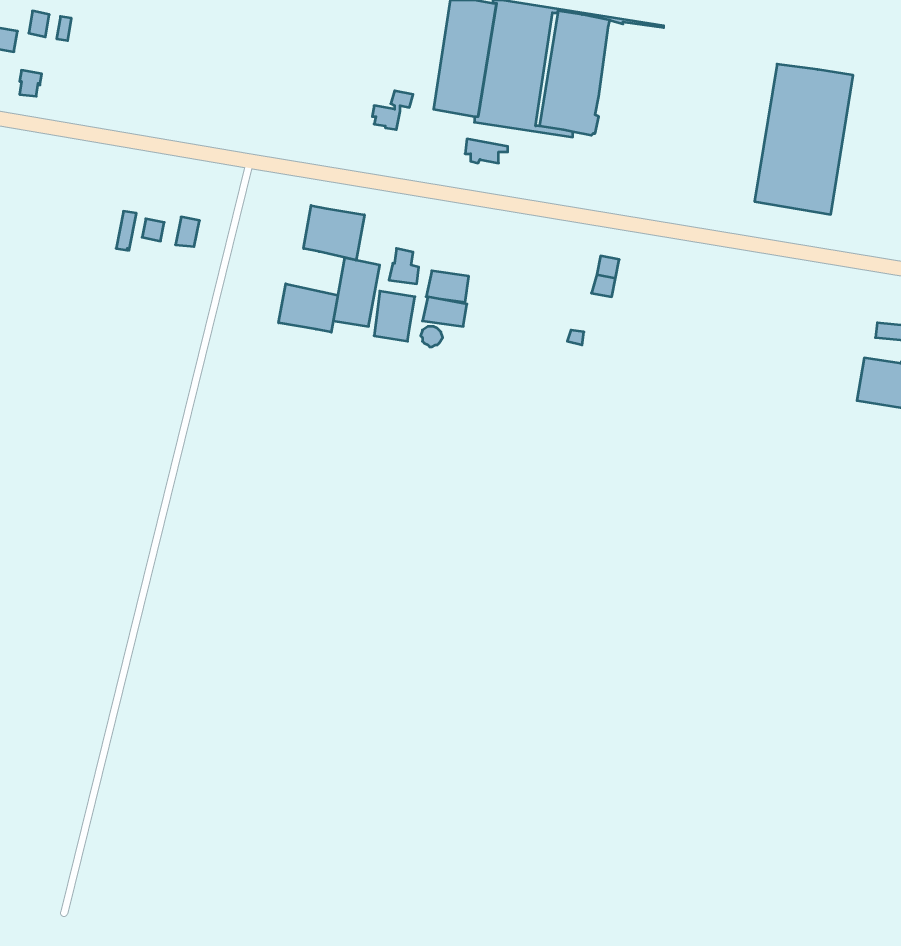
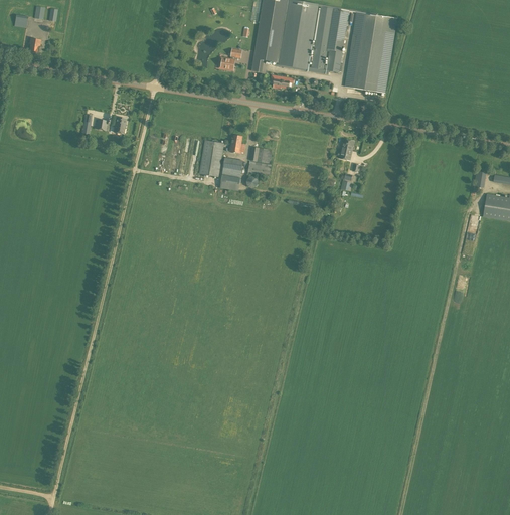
building: [755,64,853,214] -> [343,12,396,94]
building: [304,205,364,260] -> none
building: [279,284,338,332] -> none

